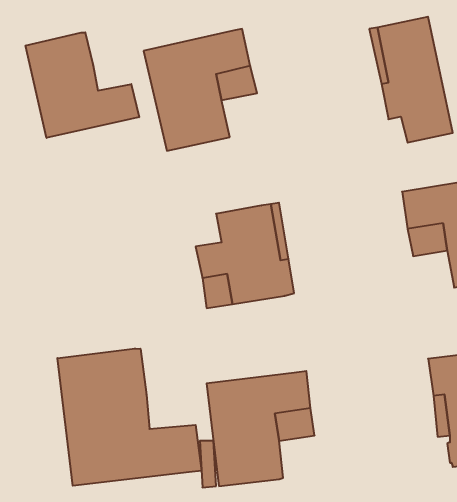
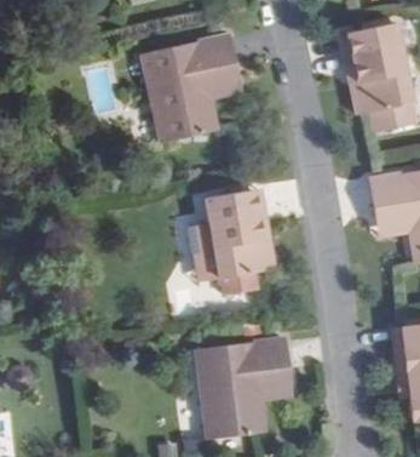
building: [26,32,139,138] -> none
building: [57,348,201,486] -> none

